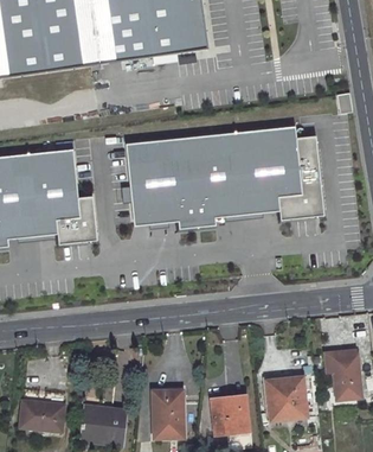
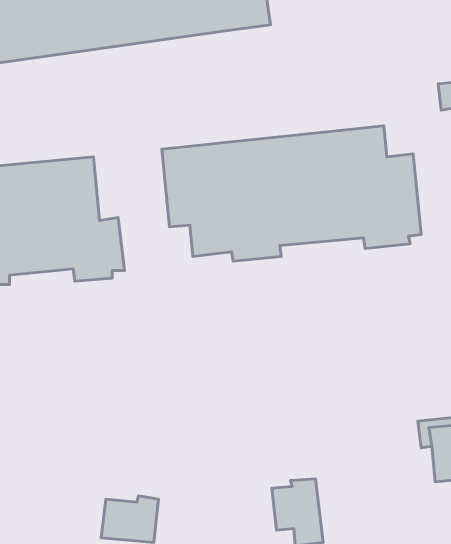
building: [265,375,306,418] -> none
building: [152,387,182,437] -> none
building: [18,399,64,431] -> none

